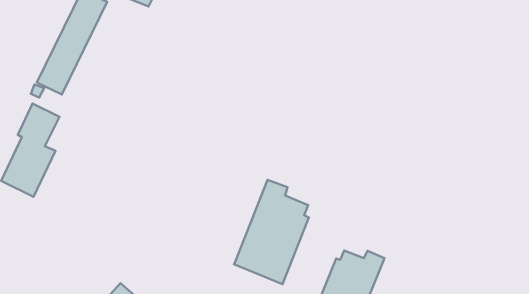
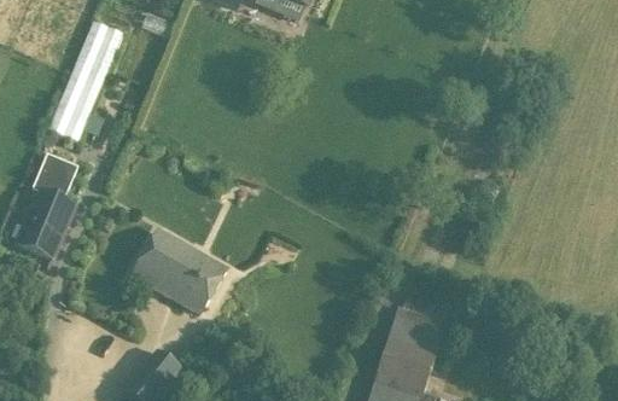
building: none -> [134,231,225,312]
building: [234,180,309,284] -> none

